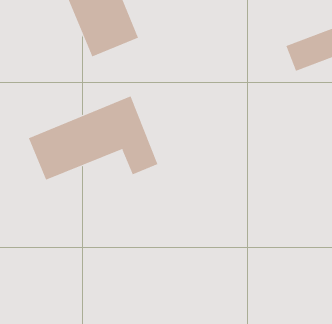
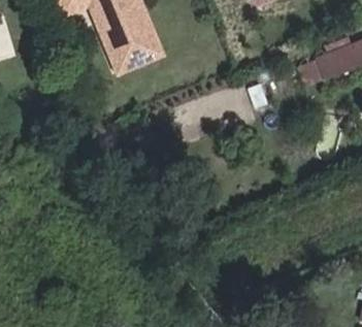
building: [28,96,158,181] -> none

